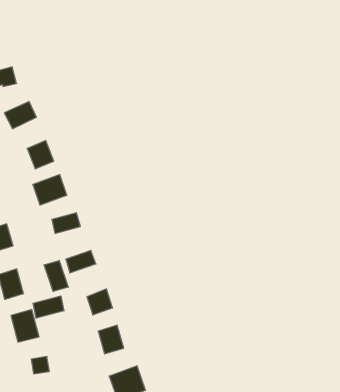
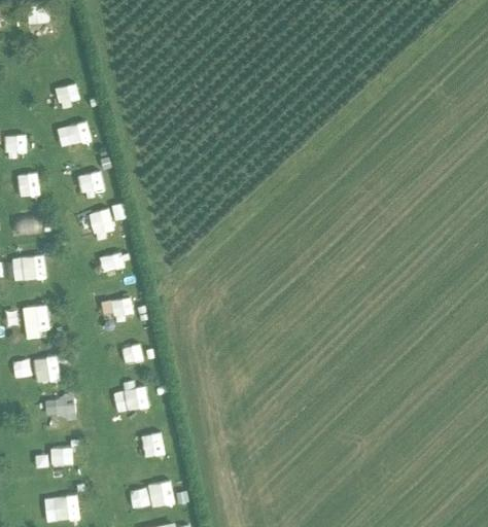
building: [44,260,68,292] -> none
building: [33,296,64,318] -> none

